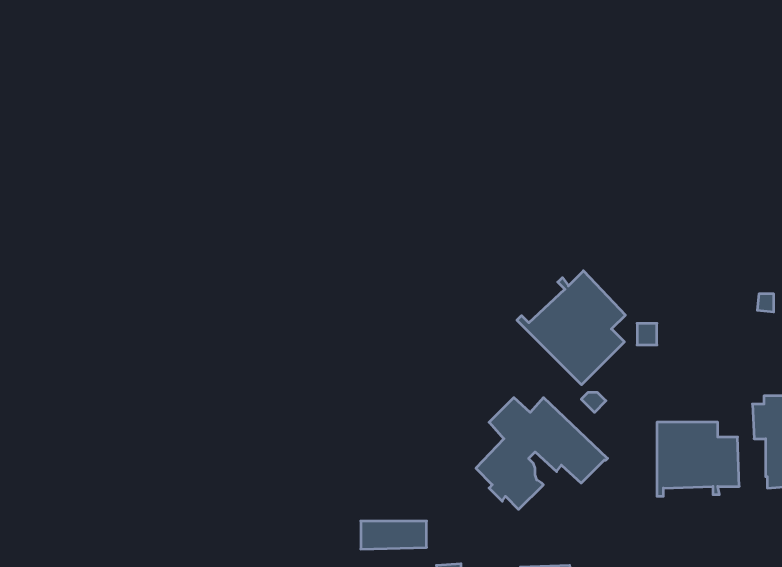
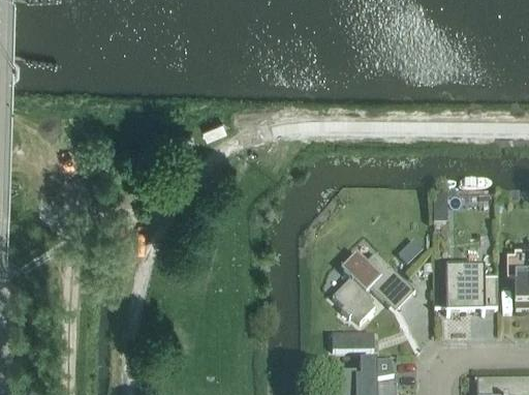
building: [517,271,625,385] -> none
building: [361,521,427,549] -> [333,333,374,351]

